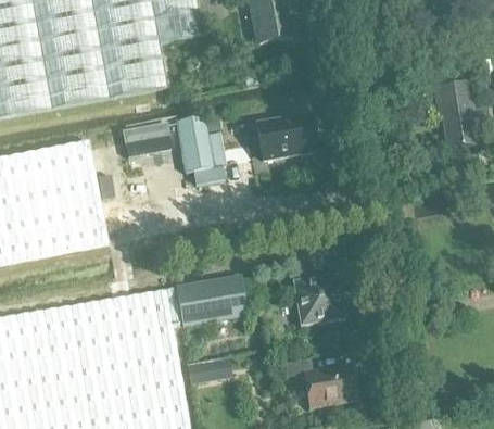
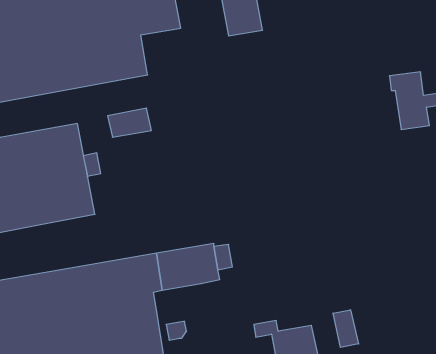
building: [175,114,225,185] -> none
building: [256,114,316,160] -> none
building: [291,274,343,326] -> none
building: none -> [333,310,359,347]

